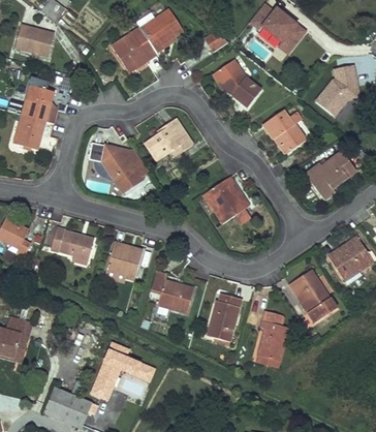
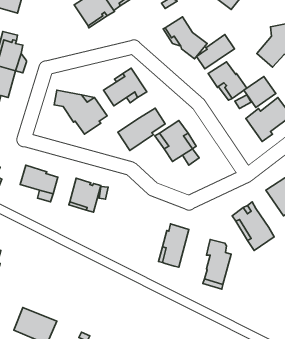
building: none -> [197,34,235,69]
building: none -> [244,77,276,107]
building: none -> [118,108,165,150]
building: [157,281,193,312] -> none
building: [91,349,156,400] -> none

